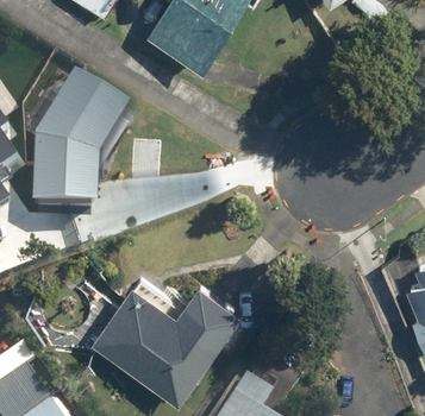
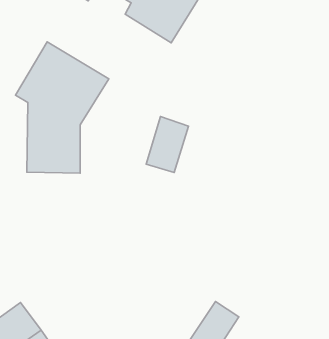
building: none -> [146,117,189,173]
building: [92,281,240,402] -> none

